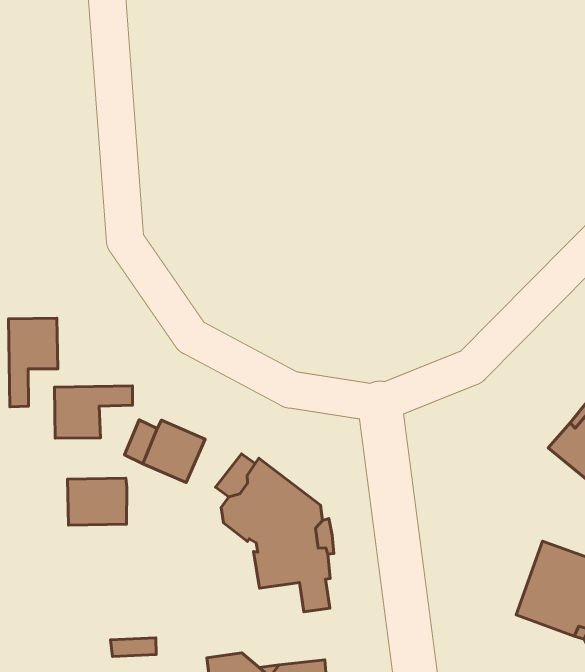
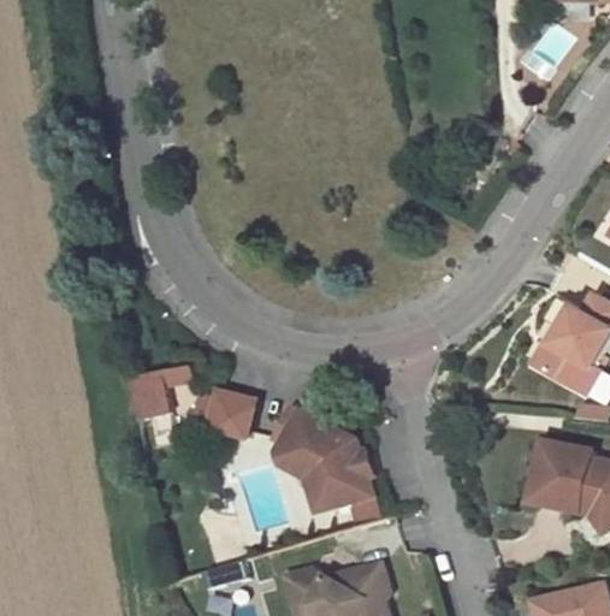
building: [9,318,58,407] -> none
building: [68,478,127,525] -> none

